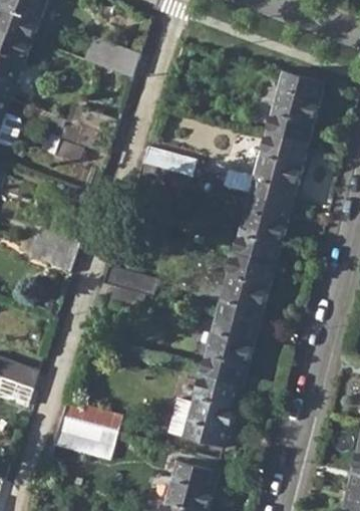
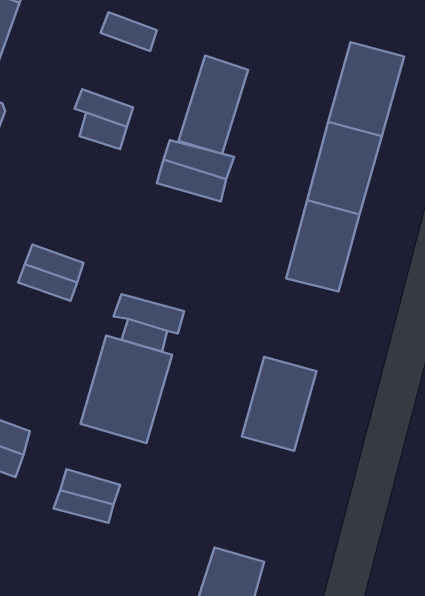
building: none -> [179,56,248,154]
building: [218,253,275,324] -> none
building: none -> [80,335,172,443]
building: [185,374,241,447] -> none

